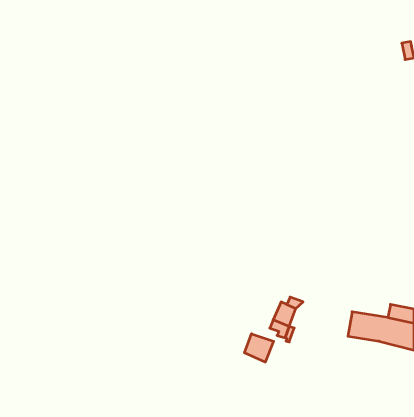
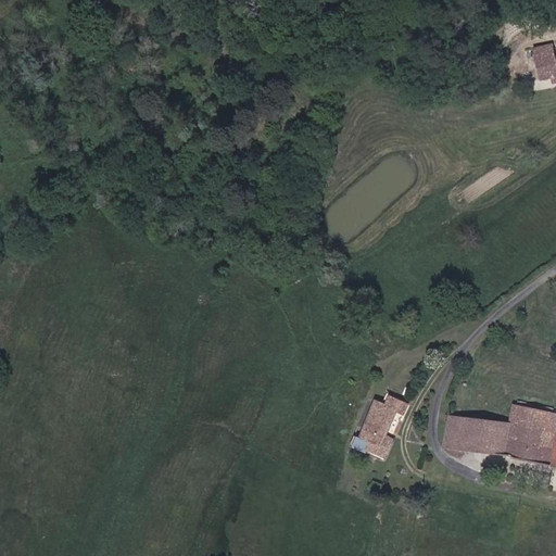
building: none -> [447,412,469,447]
building: [245,334,274,362] -> none

